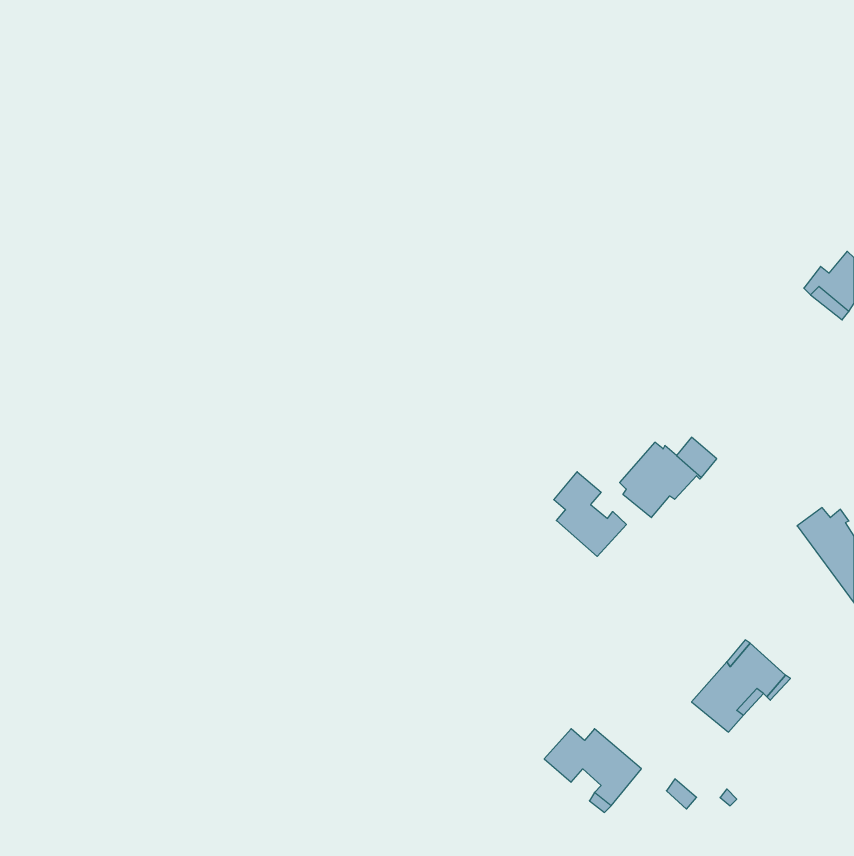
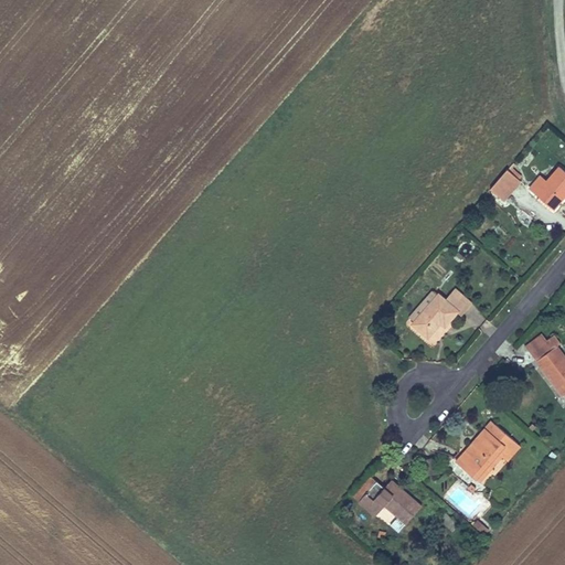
building: none -> [491,170,522,201]
building: [554,472,626,556] -> none

